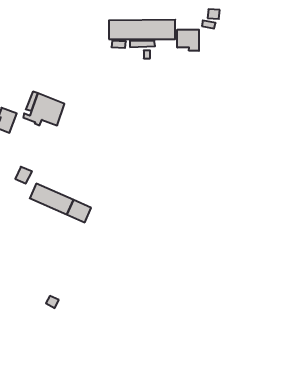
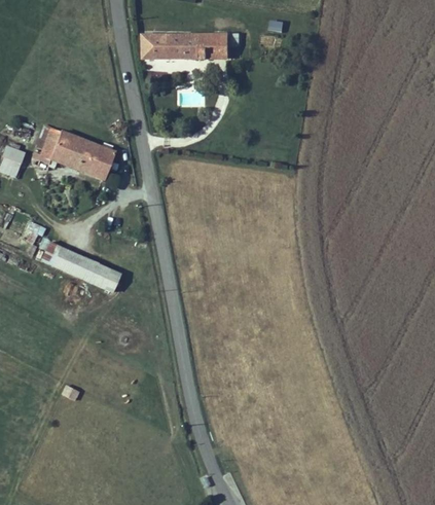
building: [177,30,199,51] -> none
building: none -> [76,140,114,178]

